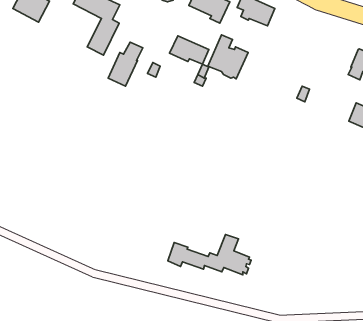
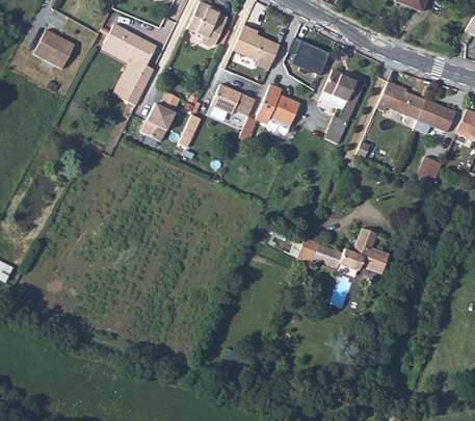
building: none -> [321,71,364,143]
building: none -> [376,81,425,120]
building: [168,234,251,275] -> [297,228,392,273]

